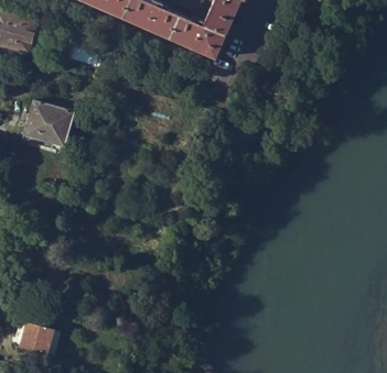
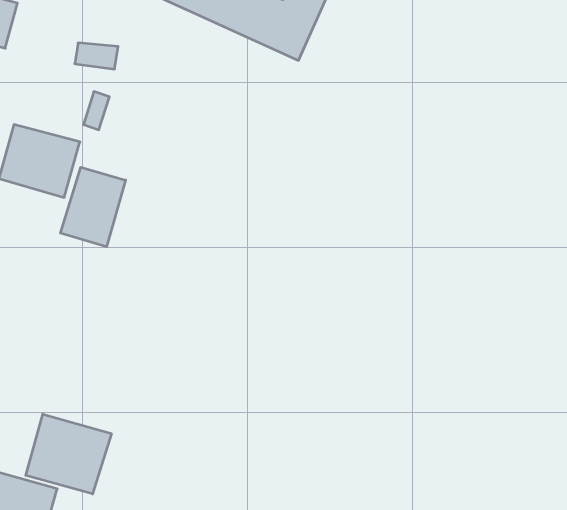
building: none -> [60,167,126,247]
building: none -> [26,414,111,494]

